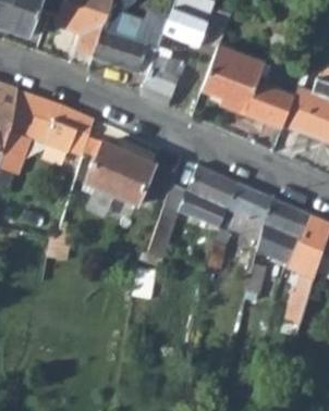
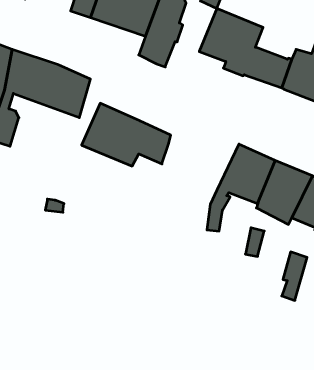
building: [147,164,241,258] -> none

